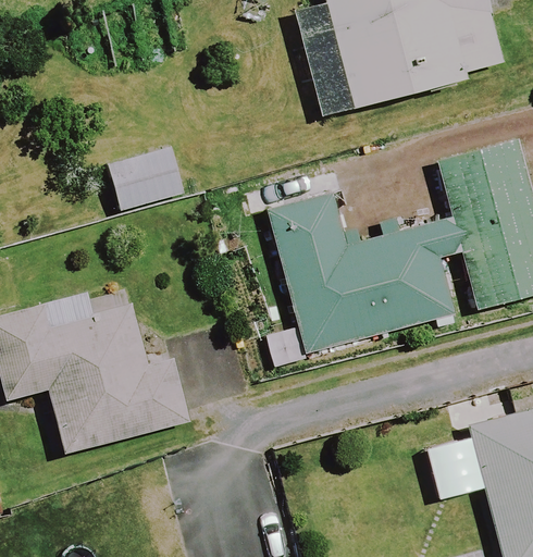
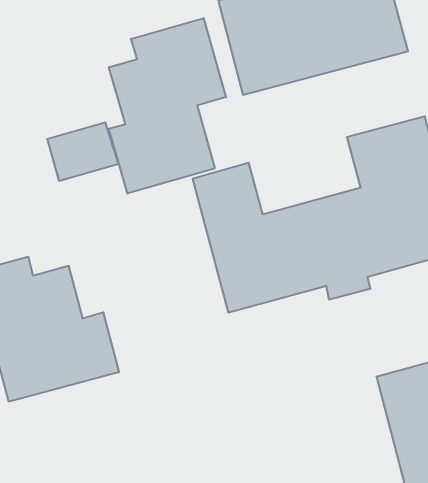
building: none -> [109,18,226,194]

